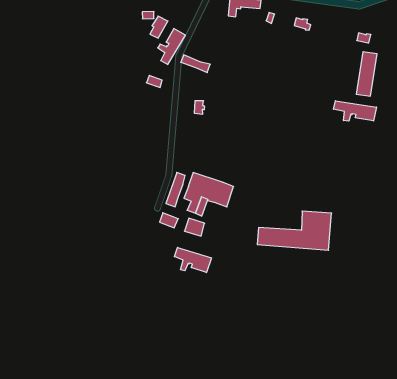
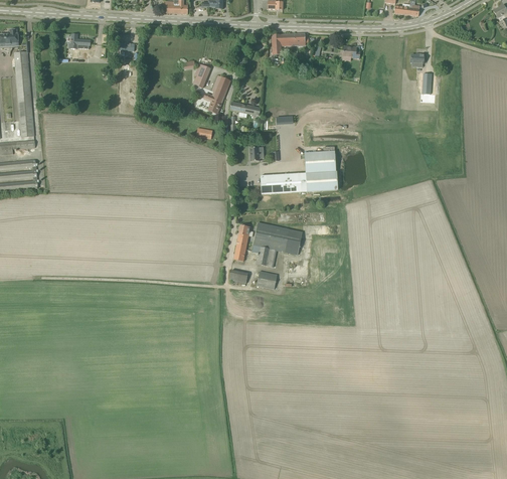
building: [334,101,376,121] -> none
building: [257,211,332,250] -> [261,150,337,193]
building: [174,247,211,273] -> none

